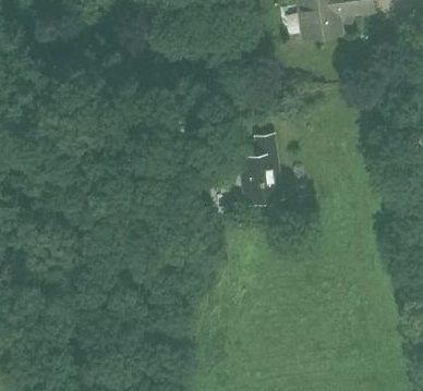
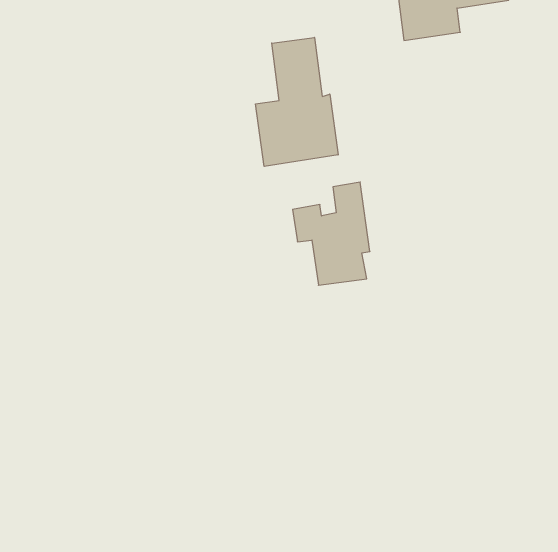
building: none -> [256,37,338,166]

